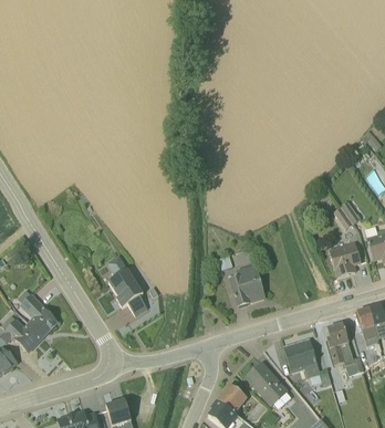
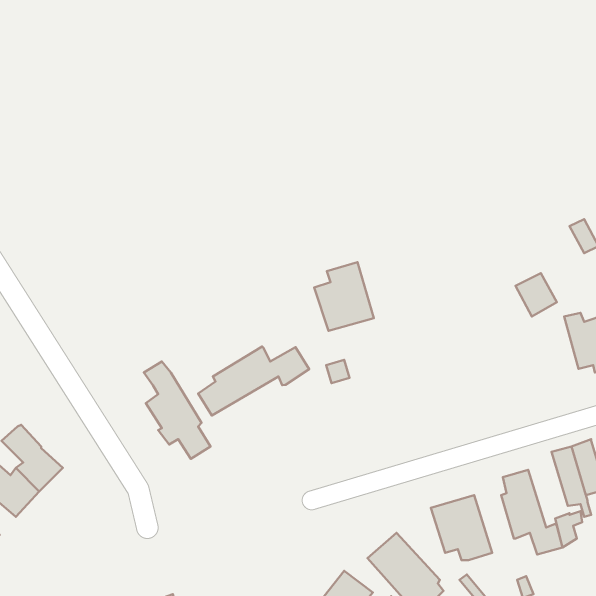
building: [329,241,360,275] -> none
building: none -> [198,347,309,416]
building: [228,263,264,305] -> [314,262,374,331]

